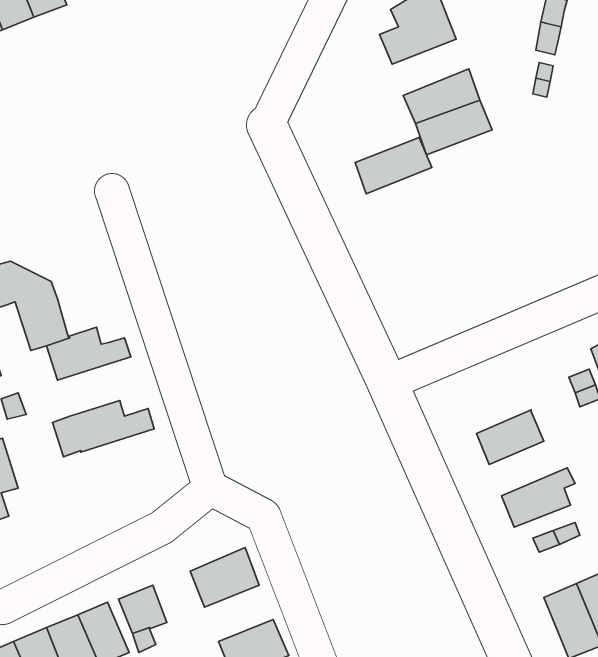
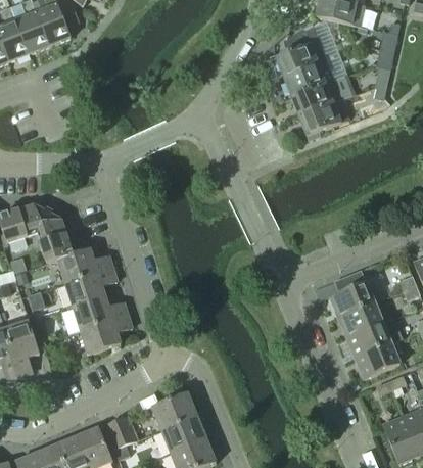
building: [355,138,432,194] -> [283,59,333,96]
building: none -> [64,267,116,306]
building: none -> [329,281,381,317]
building: none -> [80,314,132,354]
building: none -> [346,318,403,358]
building: none -> [160,416,205,453]

